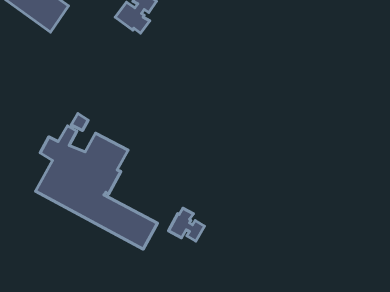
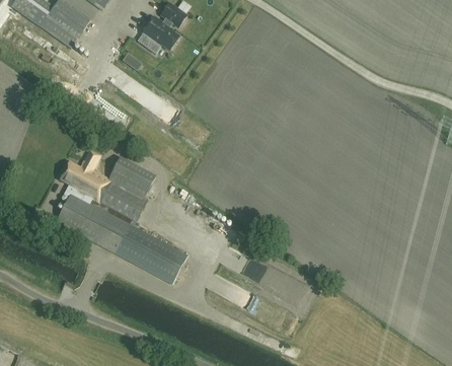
building: [169,208,204,241] -> none

